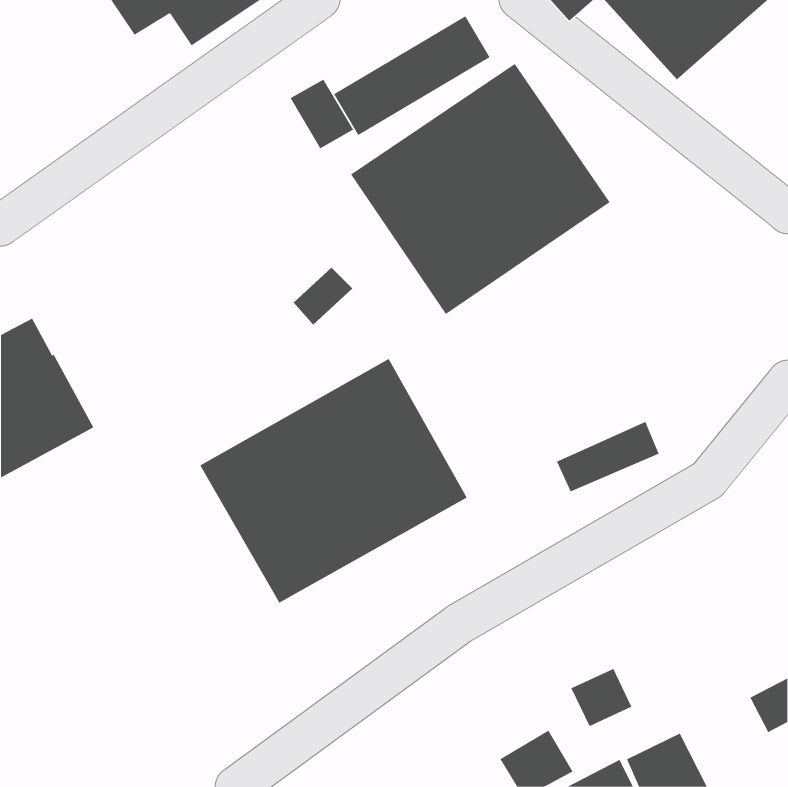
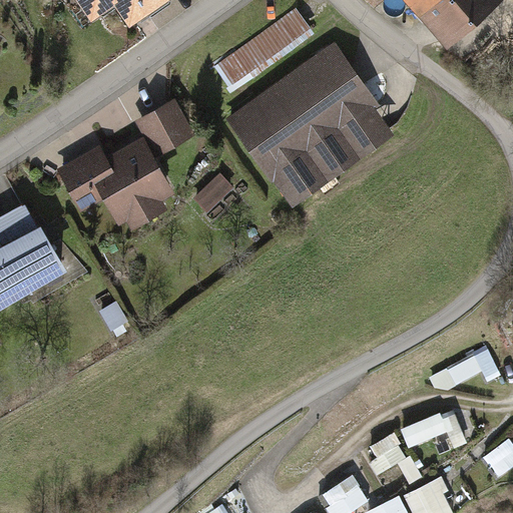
building: [290,79,354,149] -> none
building: none -> [53,98,194,230]
building: [199,358,468,604] -> none
building: [556,421,660,492] -> [432,347,499,393]
building: none -> [405,412,469,452]

